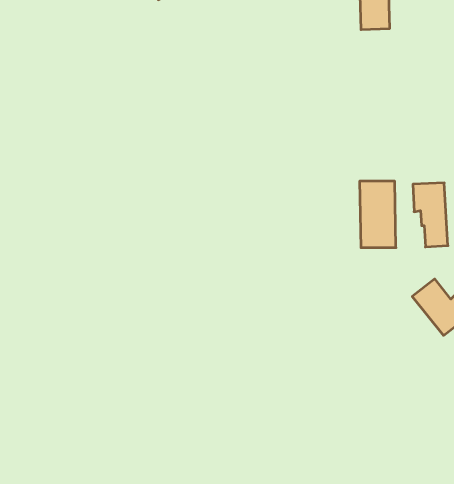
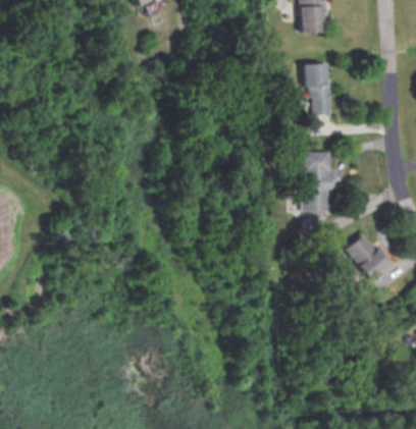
building: [413,183,448,247] -> [303,63,331,115]

